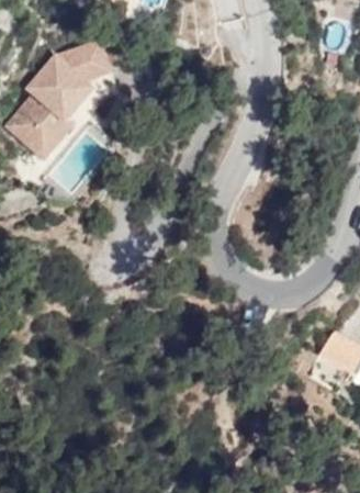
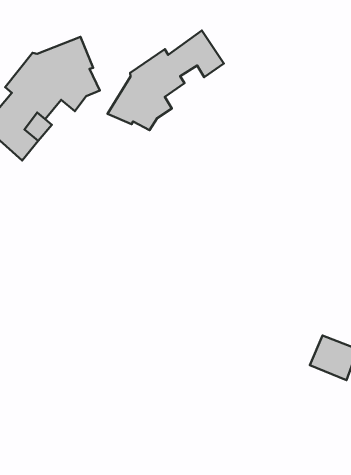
building: none -> [108,30,224,130]

